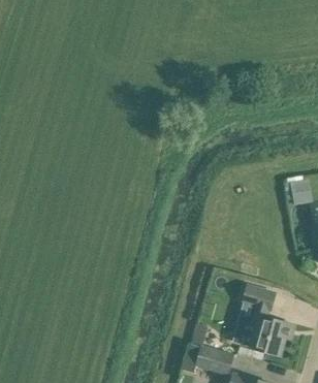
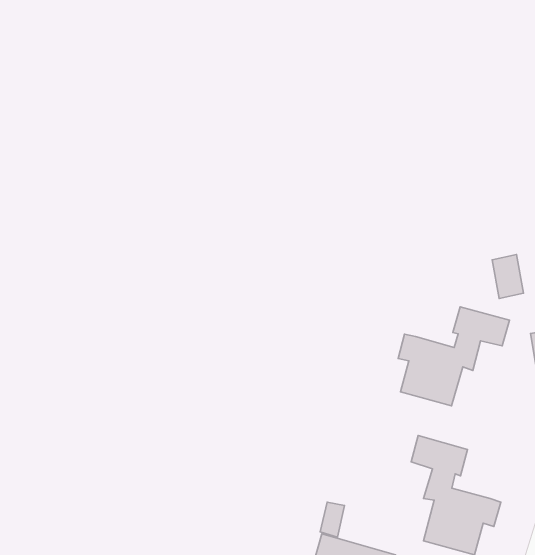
building: none -> [398,307,510,406]

